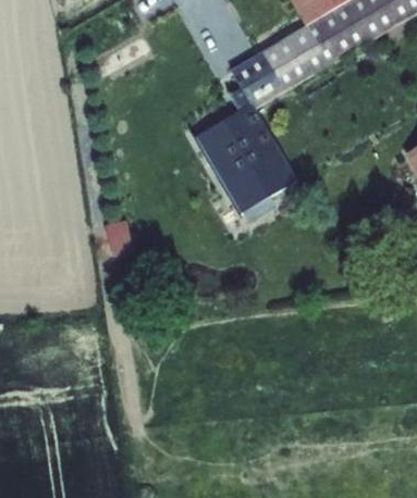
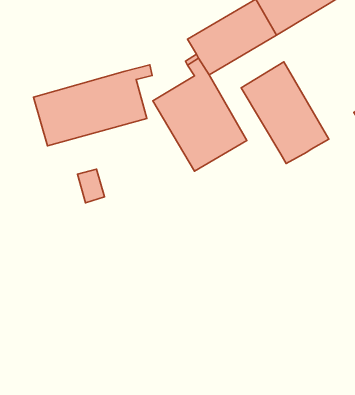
building: none -> [241,62,329,163]
building: none -> [34,65,152,146]

